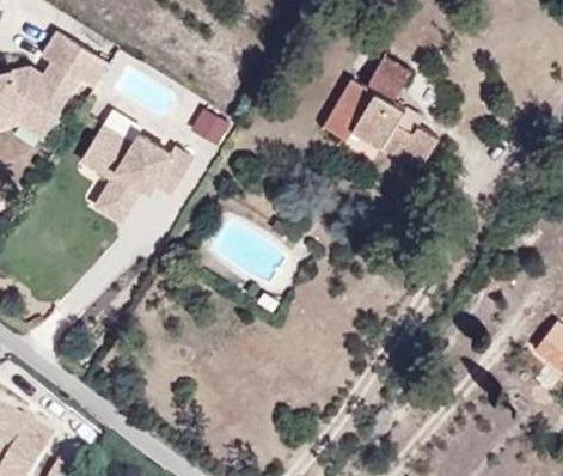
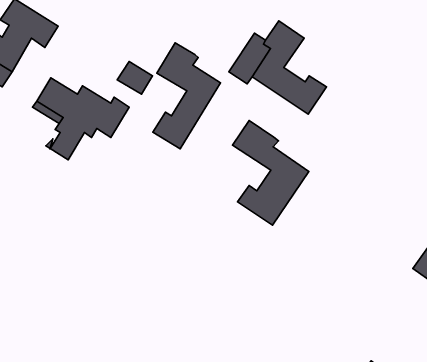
building: none -> [153,43,220,149]
building: none -> [233,121,309,225]

